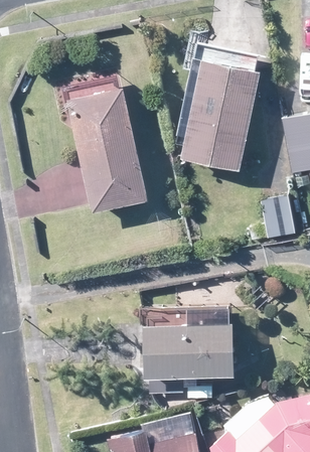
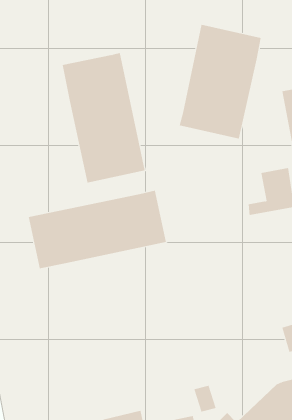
building: none -> [28,190,166,269]
building: [145,320,235,384] -> none

